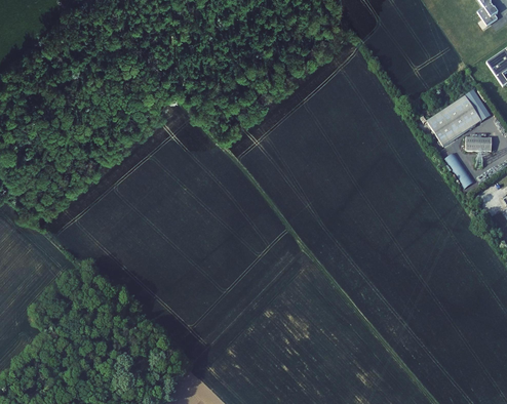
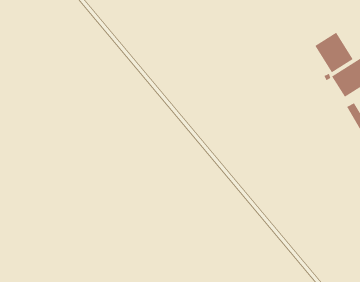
building: none -> [314,32,354,73]

